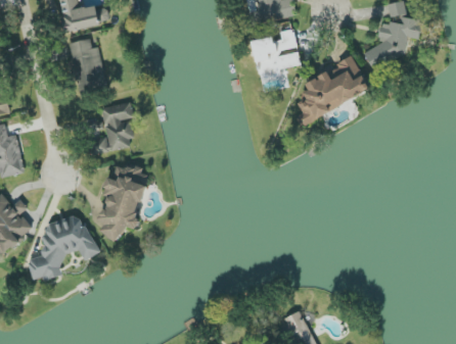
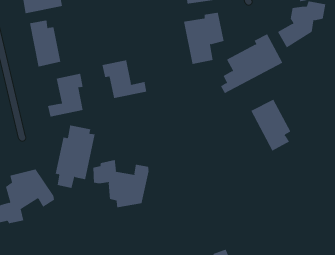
building: none -> [102,60,147,99]
building: none -> [251,99,291,151]
building: none -> [93,159,149,208]

